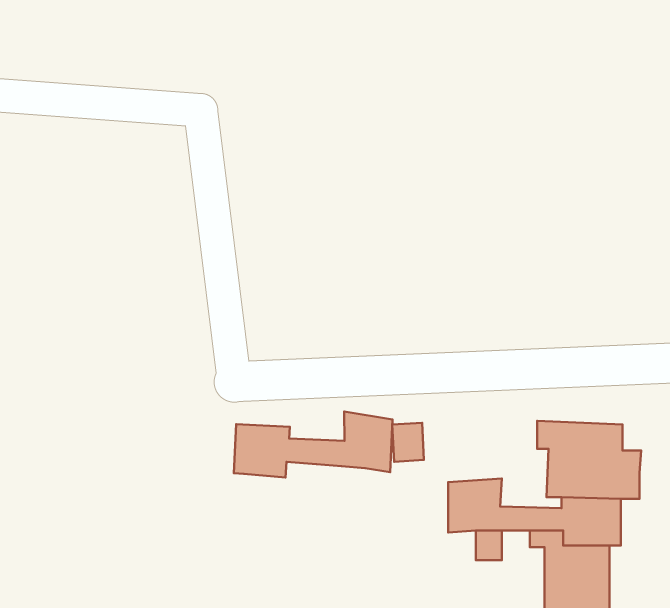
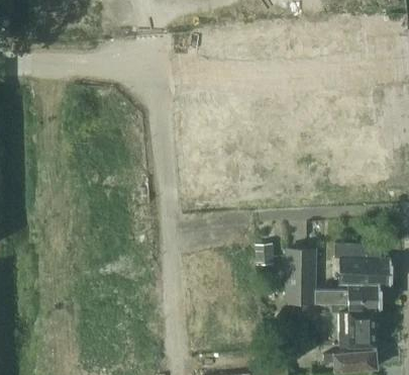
building: [234,411,393,477] -> none
building: none -> [287,252,316,278]

